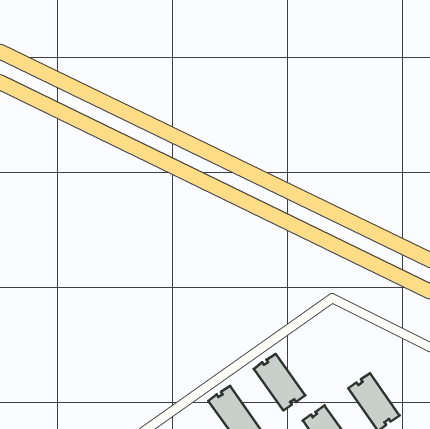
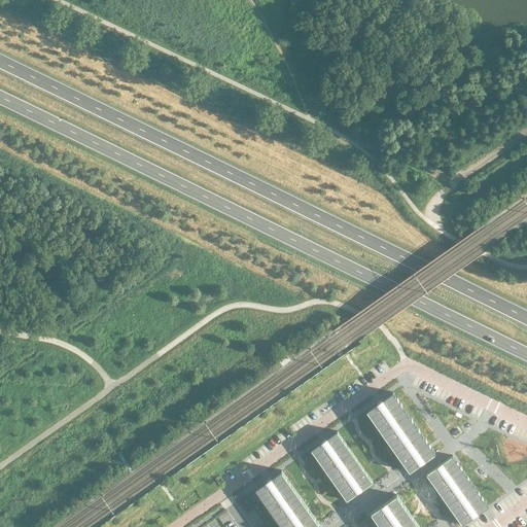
building: none -> [365,395,434,475]

